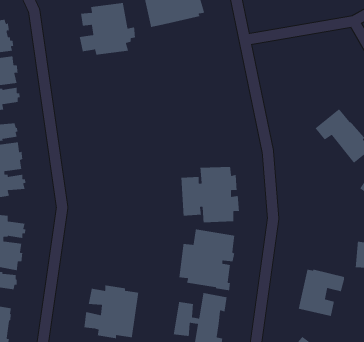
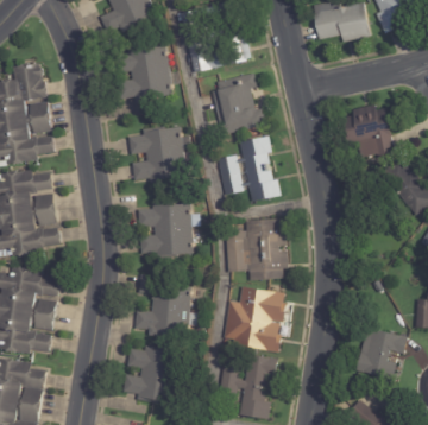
building: none -> [213,72,266,135]
building: none -> [340,106,391,158]
building: none -> [130,126,195,184]
building: none -> [219,137,282,202]
building: none -> [139,204,201,256]
building: none -> [137,275,193,338]

